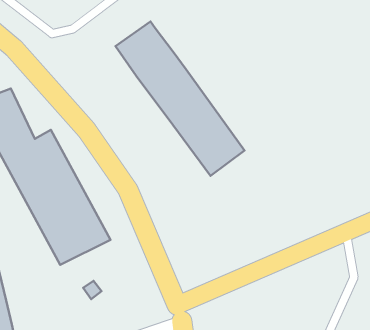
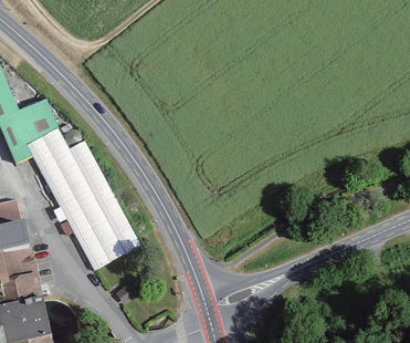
building: [116,21,244,176] -> none

